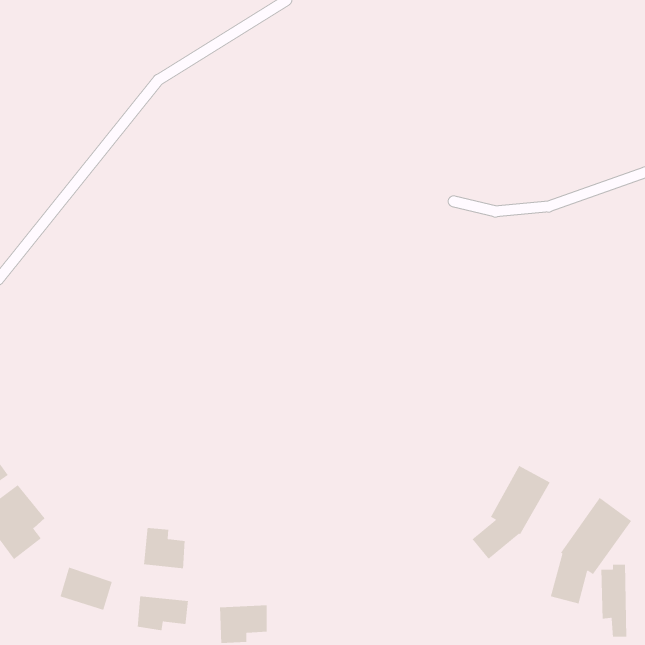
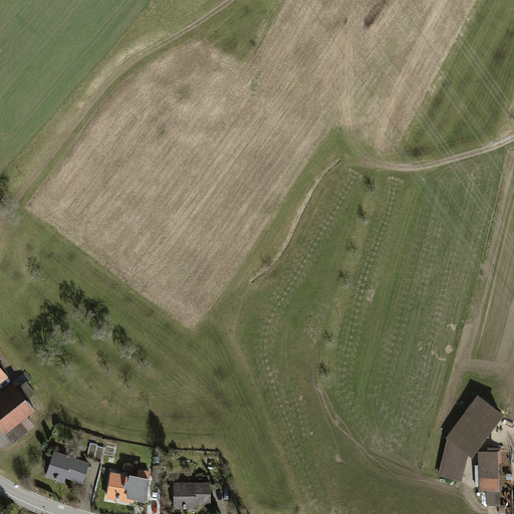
building: [471,465,551,560] -> none
building: [143,527,186,569] -> none

